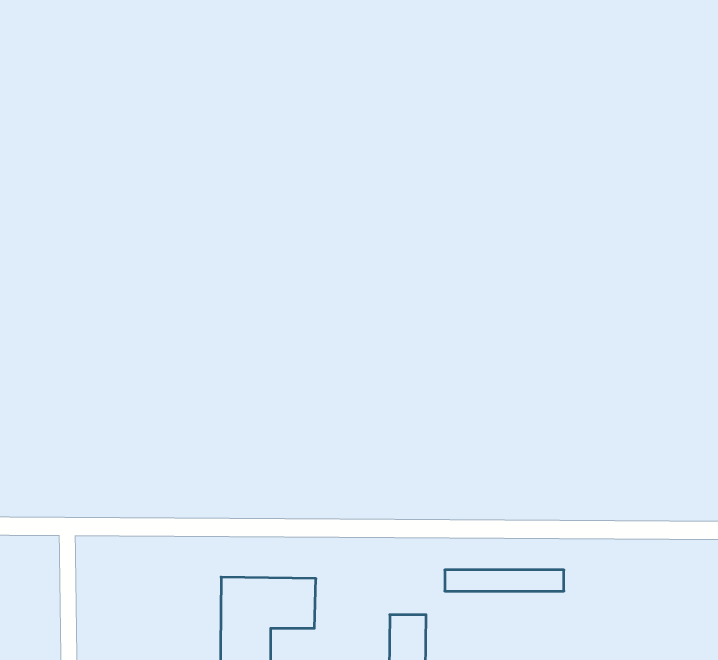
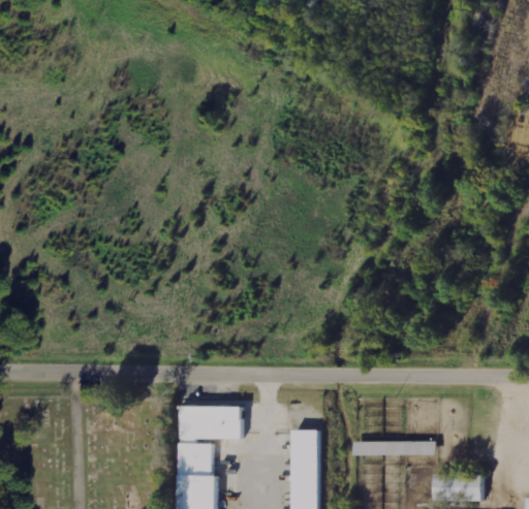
building: [445,570,564,591] -> [353,442,435,456]

